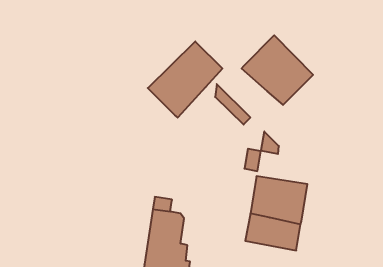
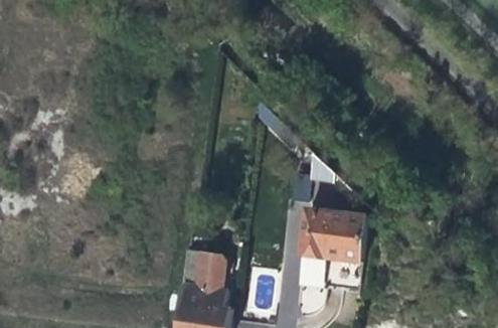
building: [242,35,313,105] -> none
building: [148,41,222,118] -> none

